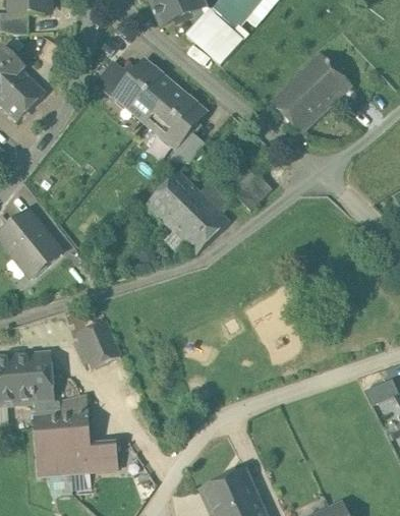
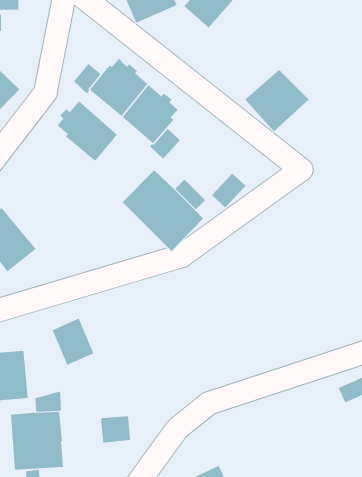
building: [184,8,242,65] -> none
building: [303,55,351,102] -> none
building: none -> [57,101,118,162]
building: [85,443,116,470] -> [100,416,131,443]

